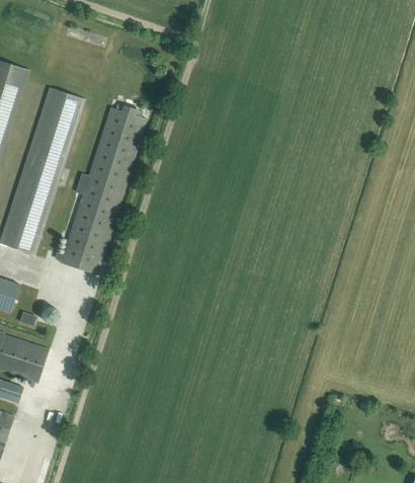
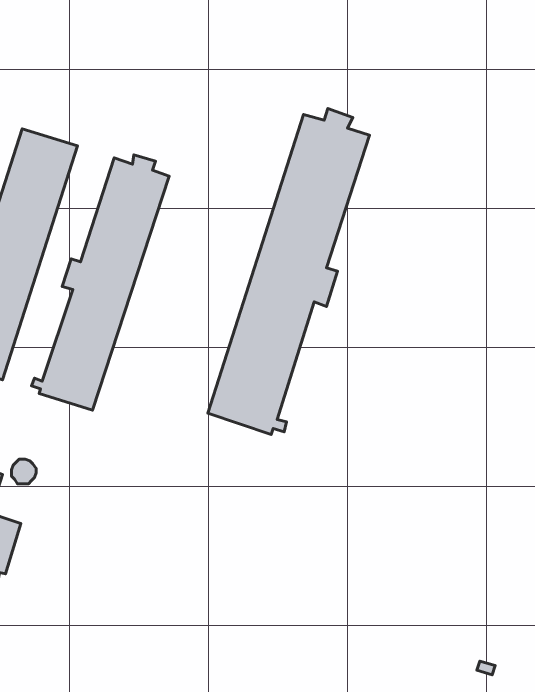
building: none -> [208,109,370,434]

